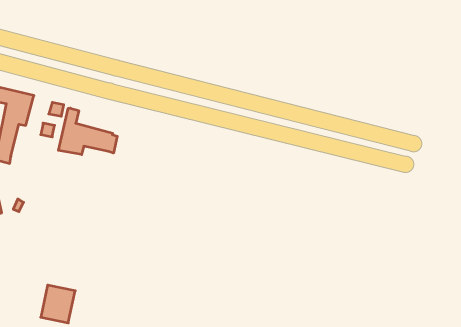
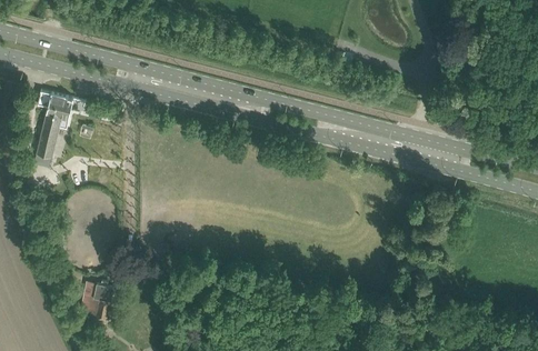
building: [58,108,117,155] -> none

